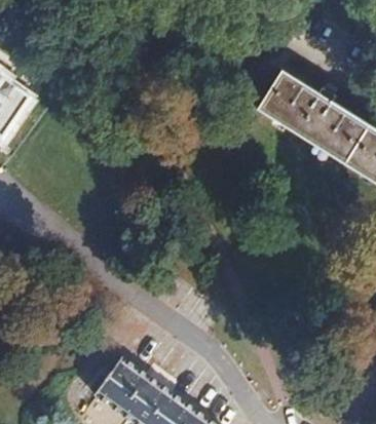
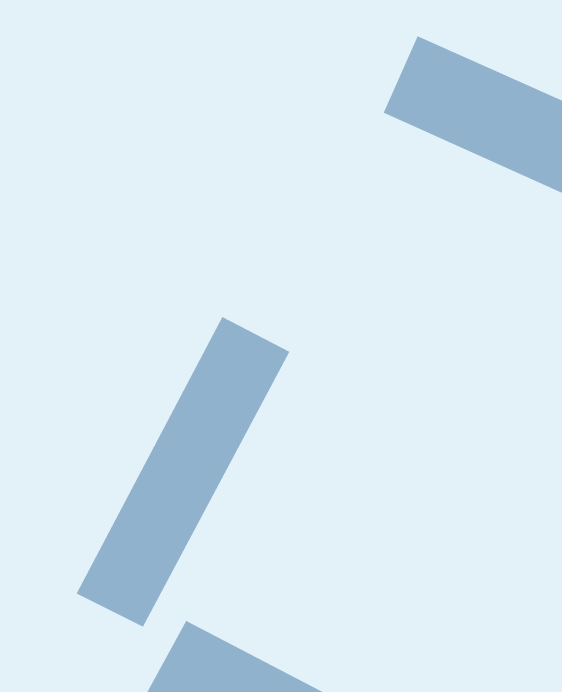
building: none -> [76,316,290,627]

